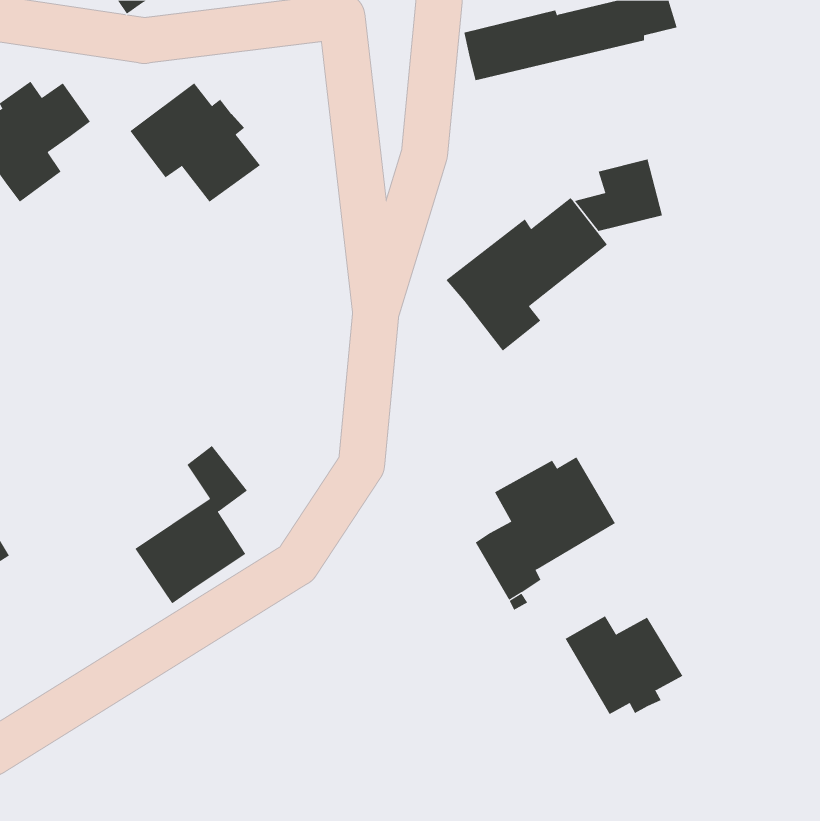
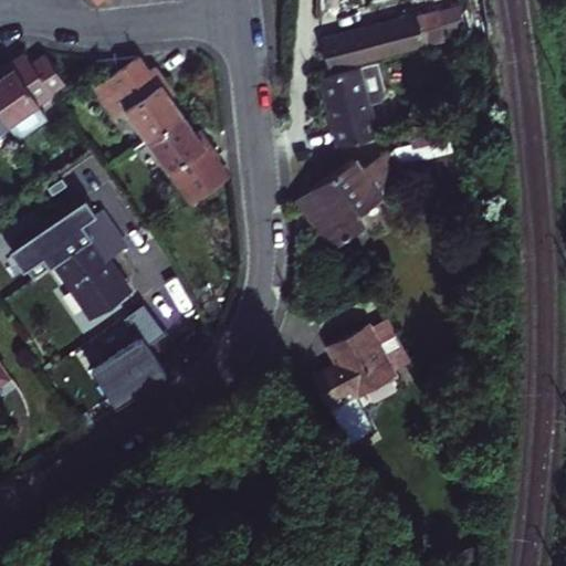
building: none -> [321,52,386,140]
building: none -> [143,117,226,206]
building: none -> [12,207,129,326]
building: [565,616,683,715] -> none

